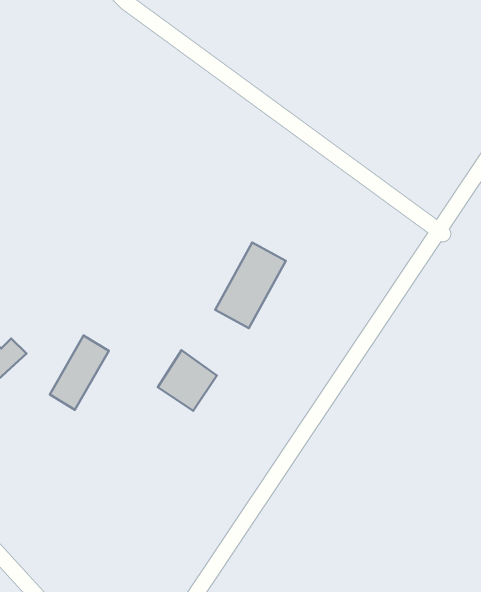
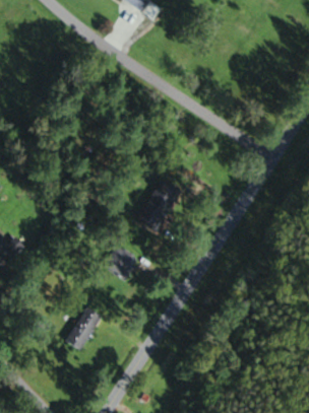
building: [50,336,109,410] -> [65,306,101,351]

